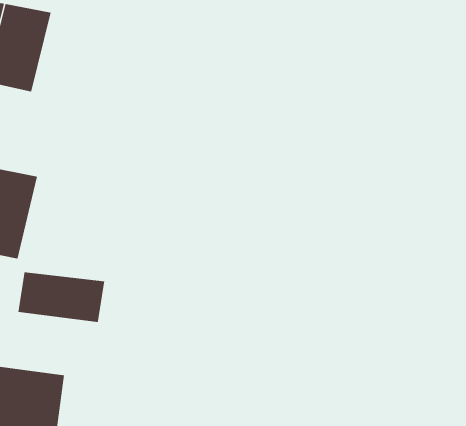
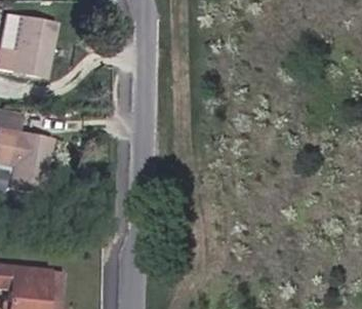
building: [18,271,105,323] -> none

